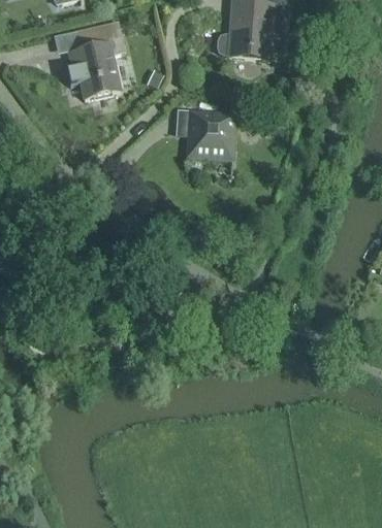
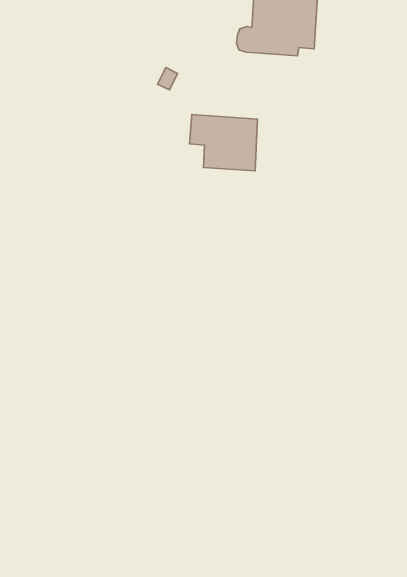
building: [65,19,124,98] -> none

